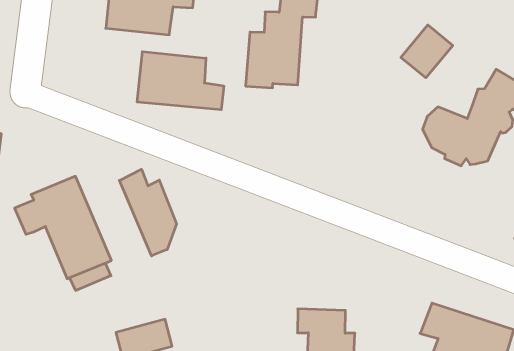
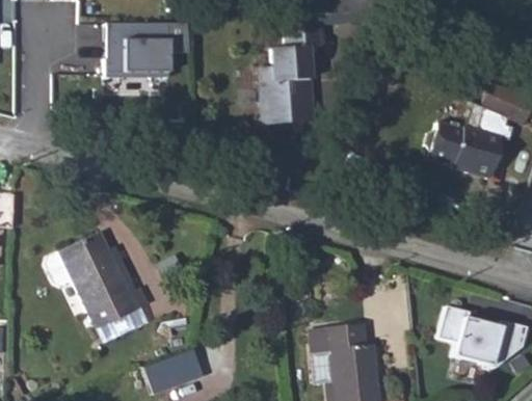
building: [401,25,453,78] -> none
building: [137,52,224,110] -> none
building: [119,169,176,256] -> none

